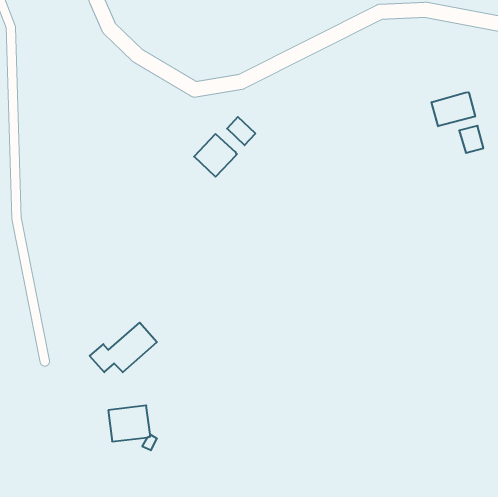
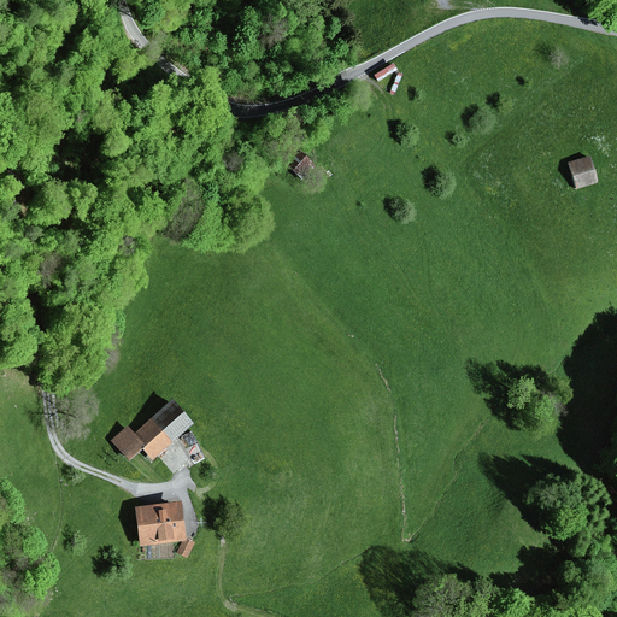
building: [432,92,475,126] -> none
building: [194,134,237,177] -> none

